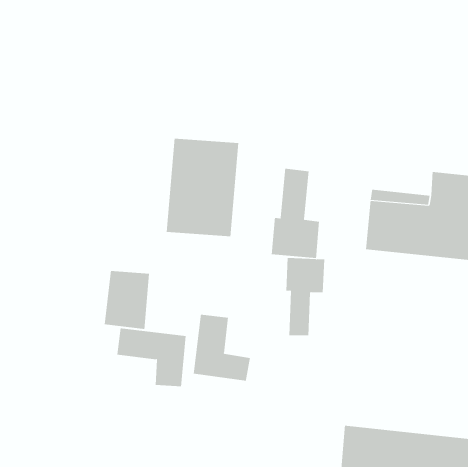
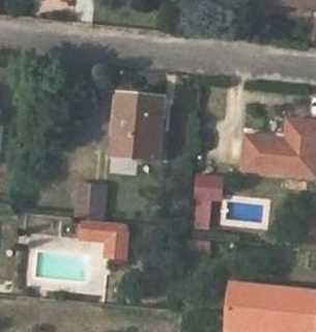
building: [271,168,320,259] -> none
building: [193,314,251,382] -> none

